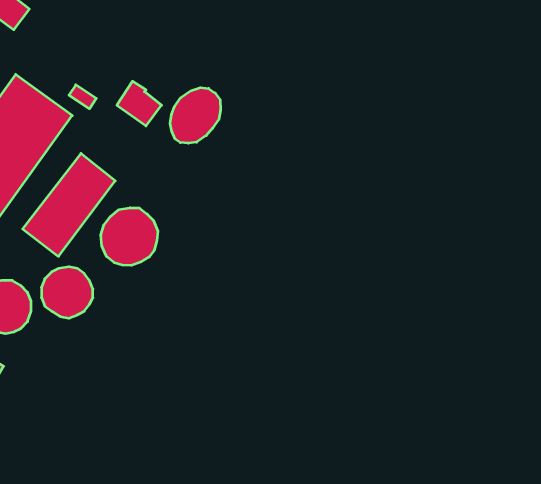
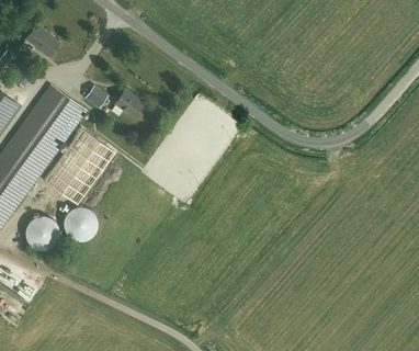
building: [170,88,220,143] -> none
building: [101,208,158,265] -> none

